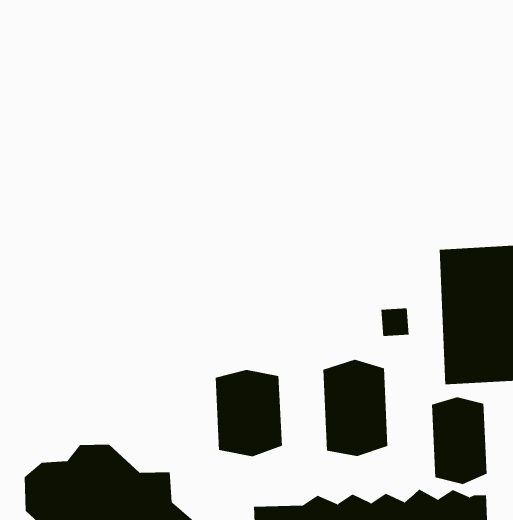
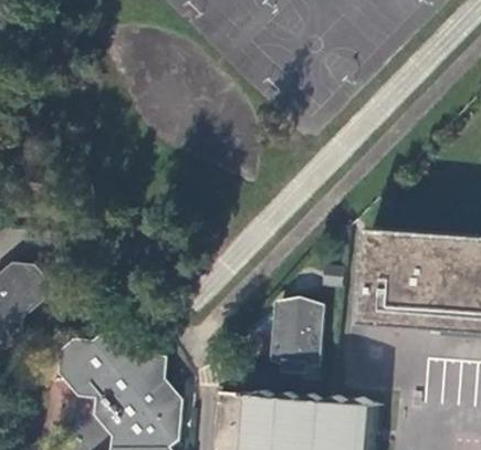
building: [215,369,282,457] -> none
building: [431,396,487,485] -> none

